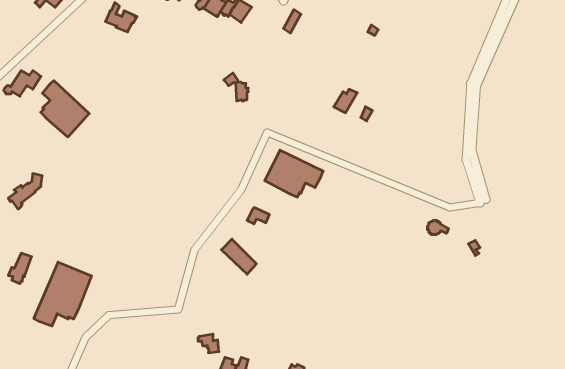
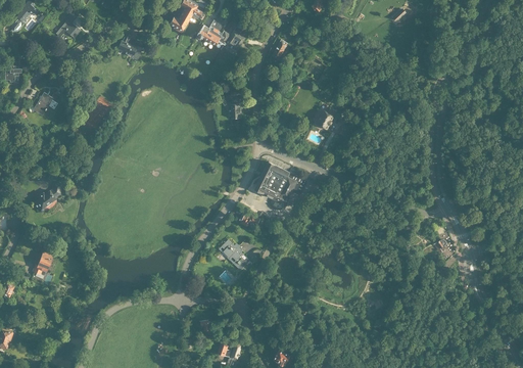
building: [41,81,89,137] -> none
building: [34,262,92,326] -> none

